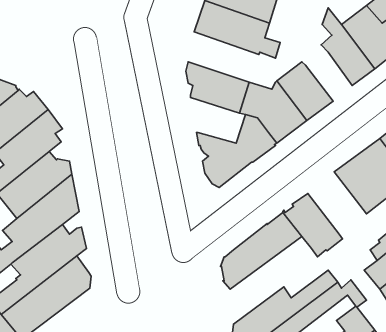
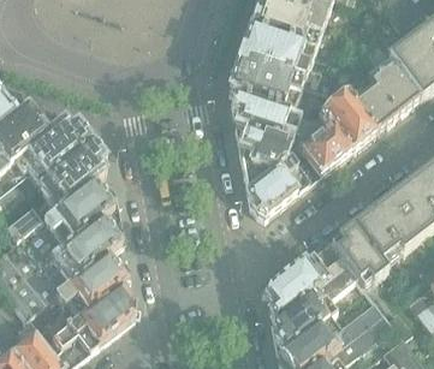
building: none -> [227,60,303,111]
building: none -> [350,73,397,130]
building: none -> [234,126,290,172]
building: none -> [352,201,411,263]
building: none -> [269,266,356,353]

